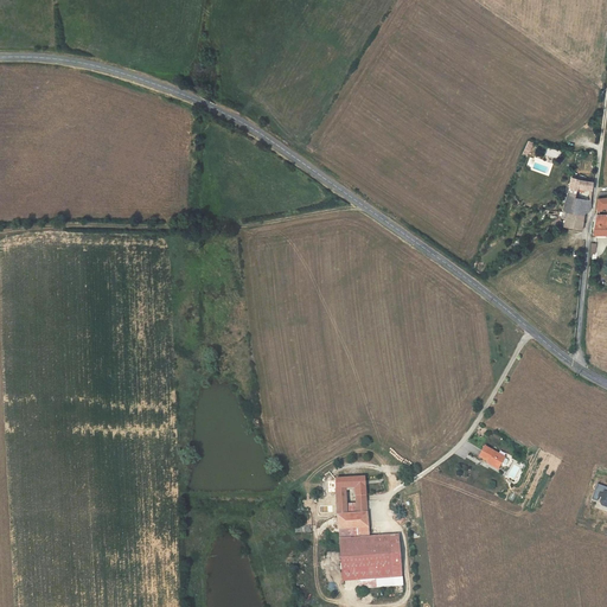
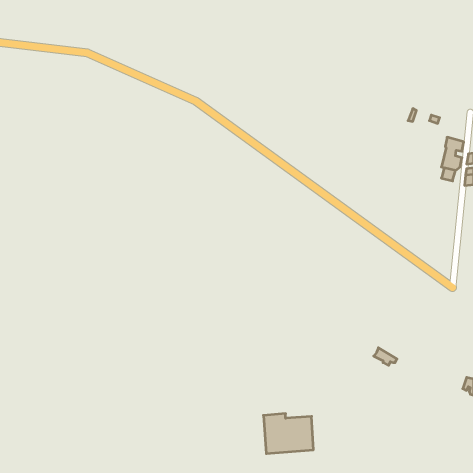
building: [337,479,366,531] -> none

